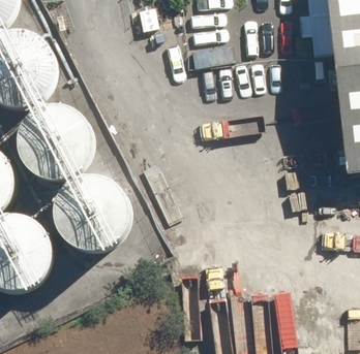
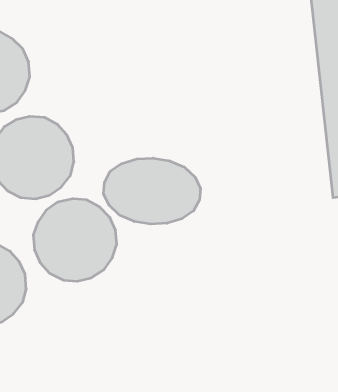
building: none -> [104,158,200,224]

